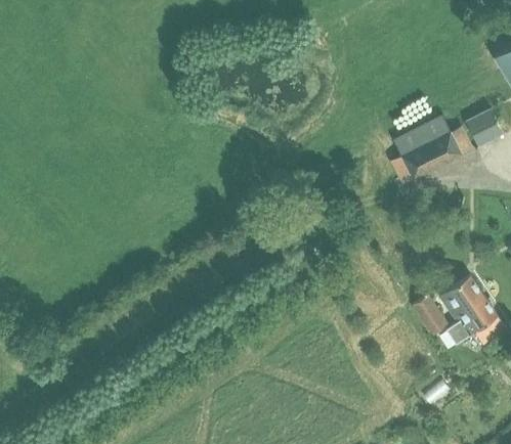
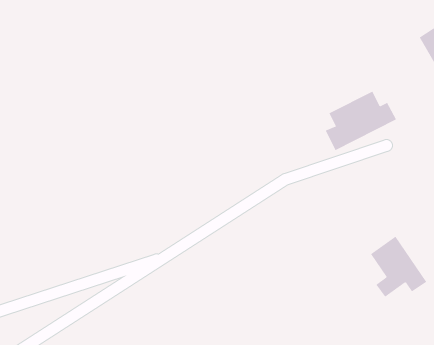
building: [466,109,502,144] -> none
building: [414,295,448,334] -> none

